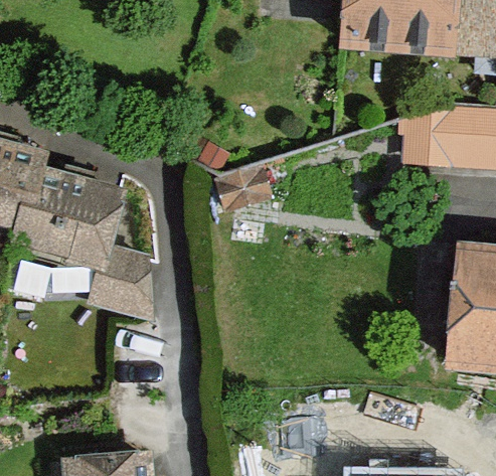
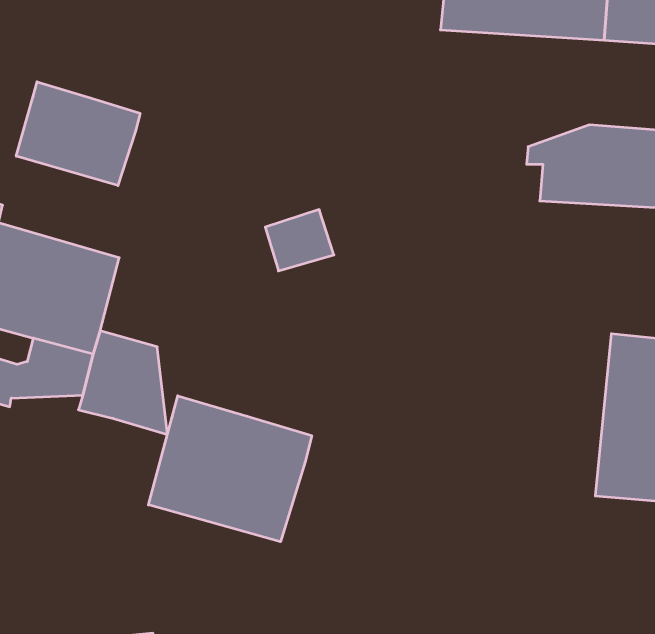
building: none -> [16,82,140,186]
building: none -> [148,396,312,542]

